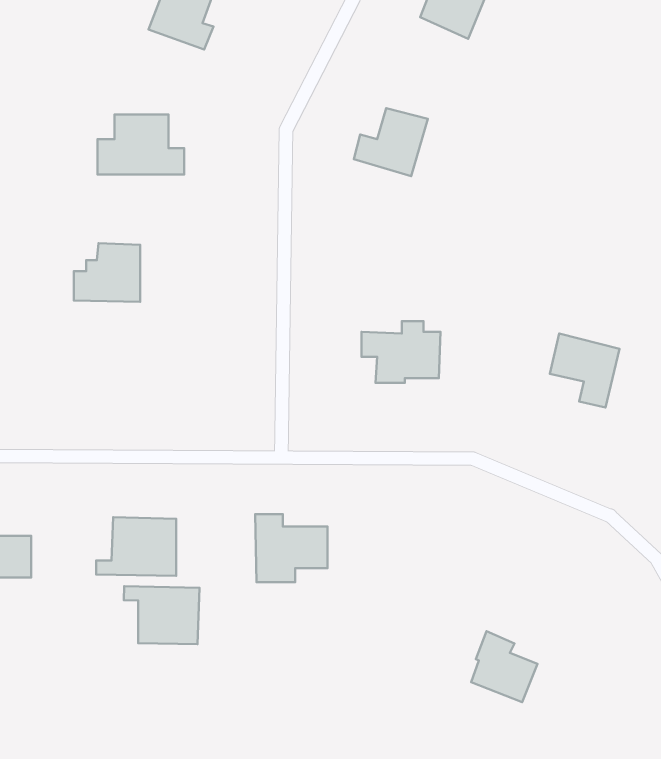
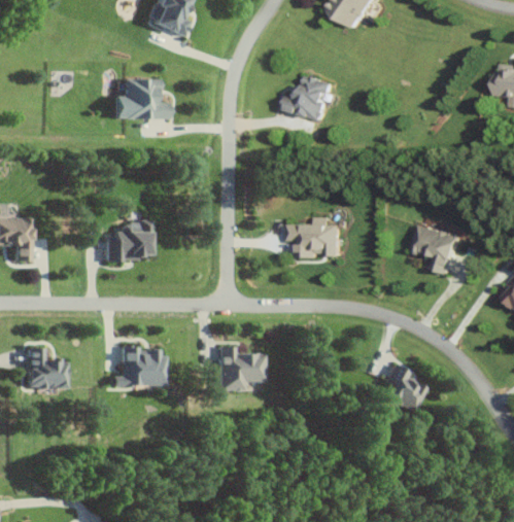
building: [74,243,140,302] -> [105,220,149,259]
building: [124,586,200,644] -> none
building: [471,631,538,702] -> [381,363,425,411]

